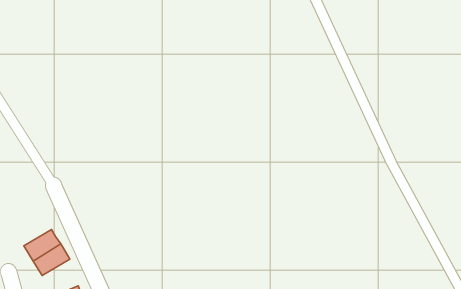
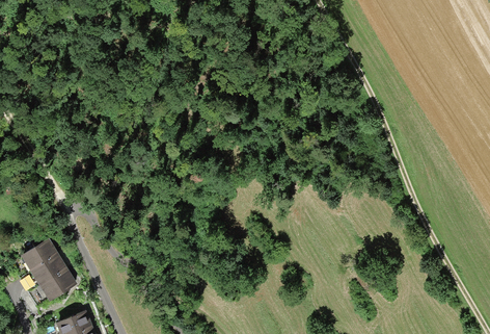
building: none -> [22,238,59,272]

